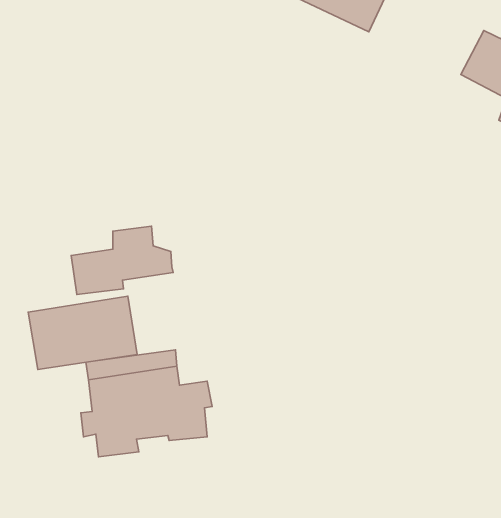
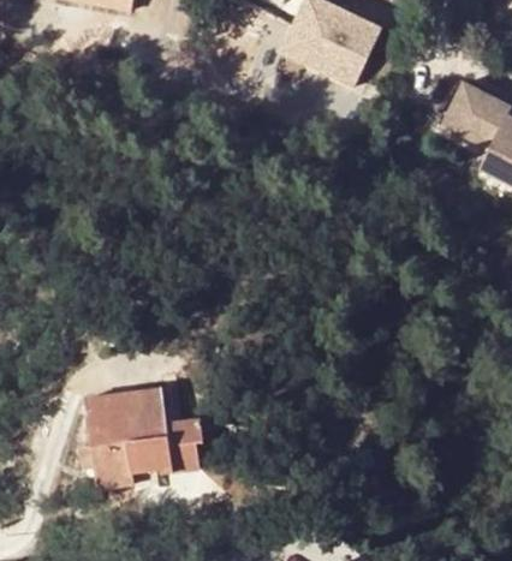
building: [71,226,173,295] -> none
building: [28,296,137,370] -> none

